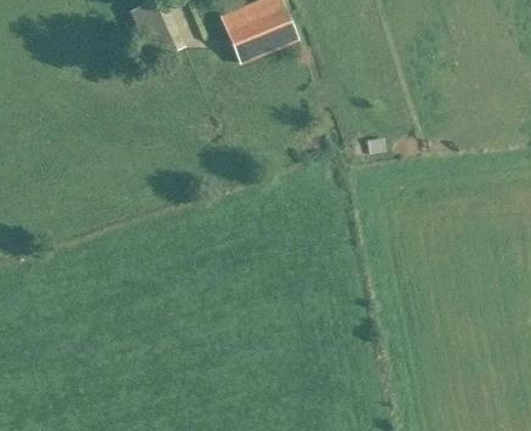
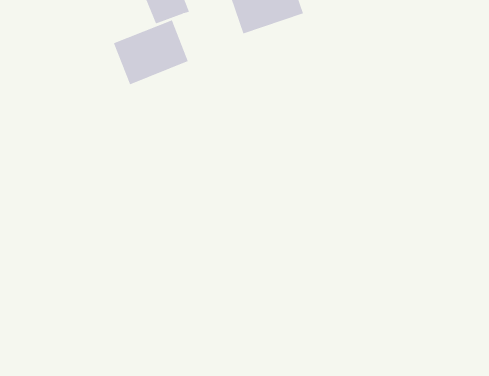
building: none -> [113,19,189,85]

